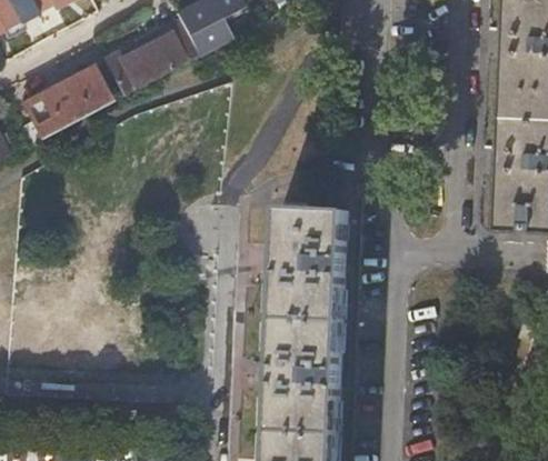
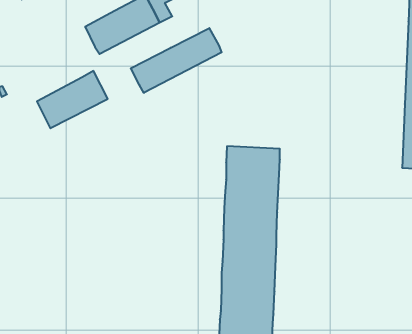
building: none -> [131,28,222,93]
building: [27,63,114,134] -> [37,71,108,128]

